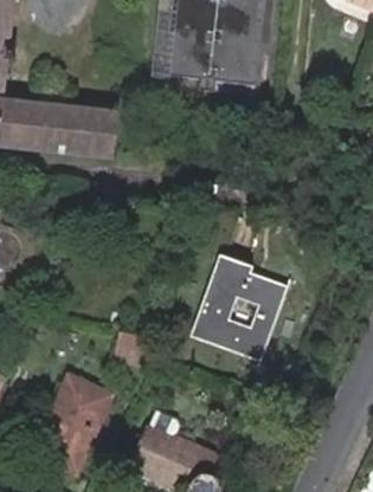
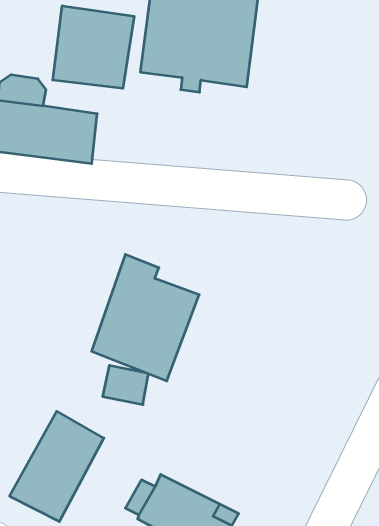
building: none -> [53,6,134,88]
building: [195,251,290,362] -> [92,254,199,381]

